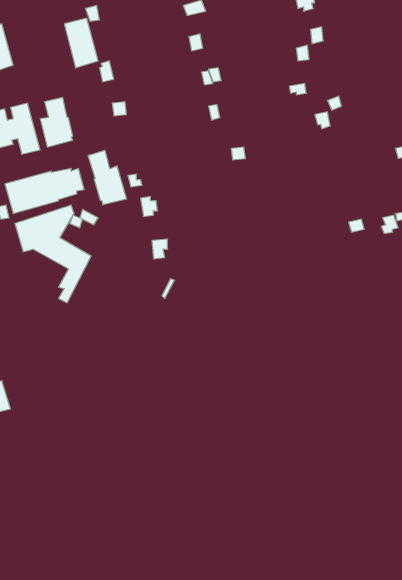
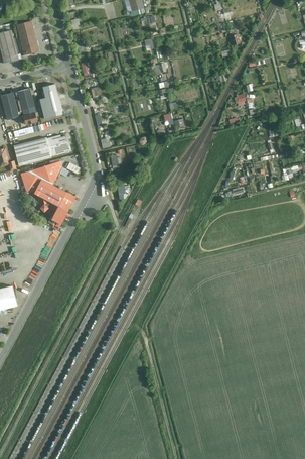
building: [64,18,98,68] -> [15,21,39,56]
building: [88,150,126,205] -> none

